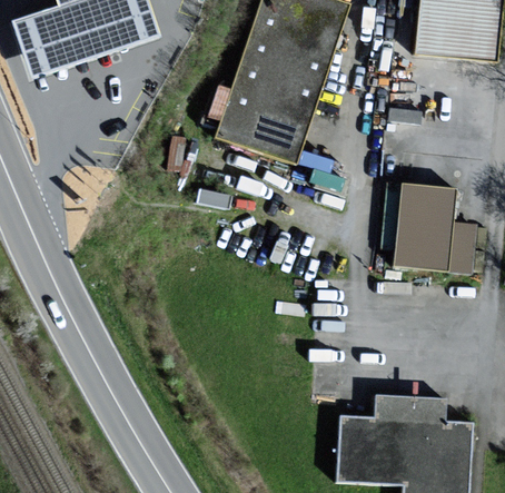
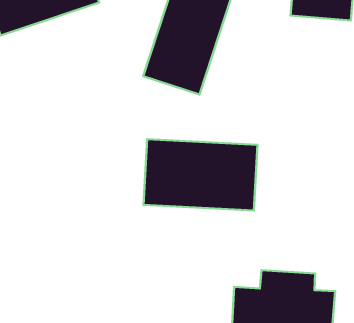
building: [396,183,475,273] -> none
building: none -> [143,139,257,211]

